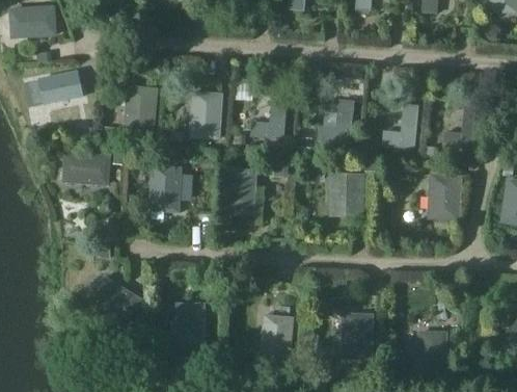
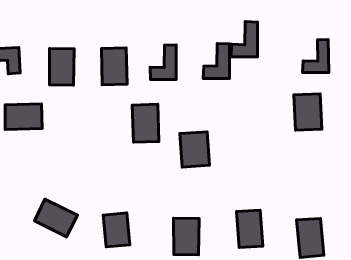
building: [381,102,418,148] -> [231,22,258,57]
building: [148,164,182,211] -> none
building: [329,172,364,215] -> [180,132,209,167]

